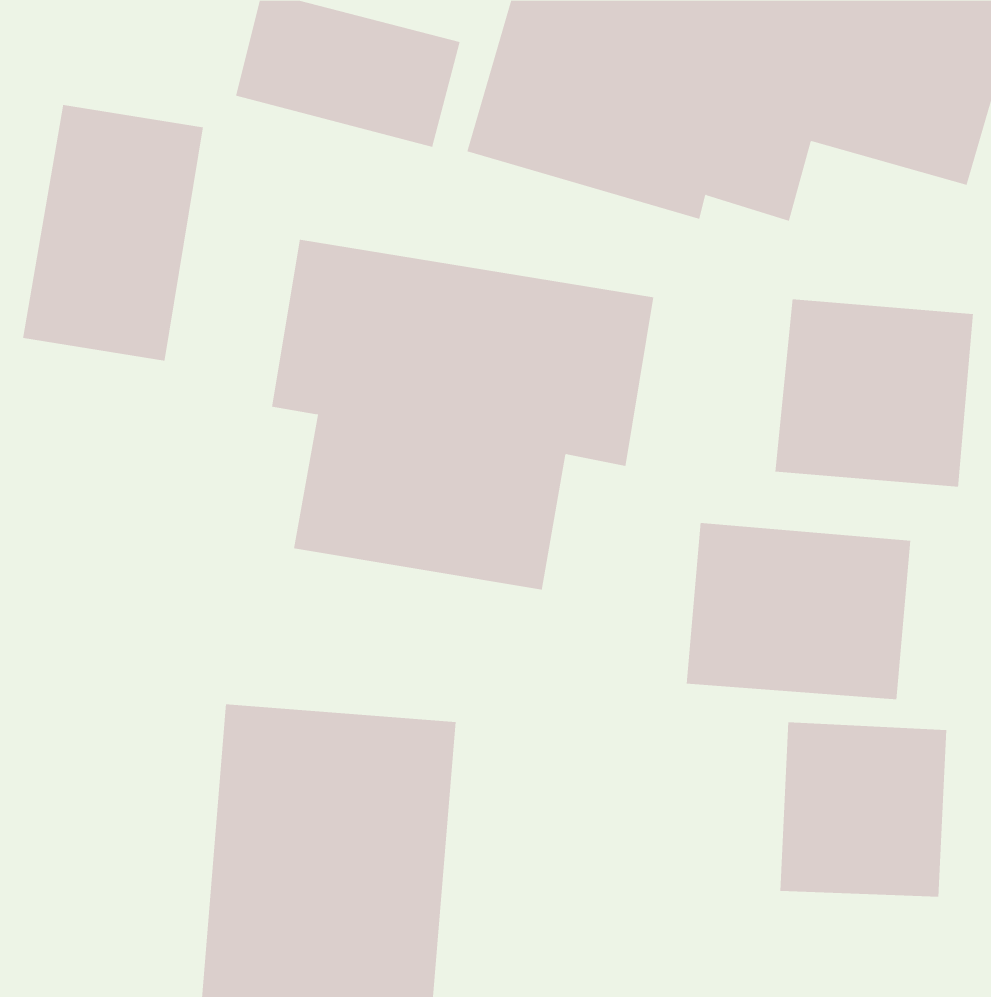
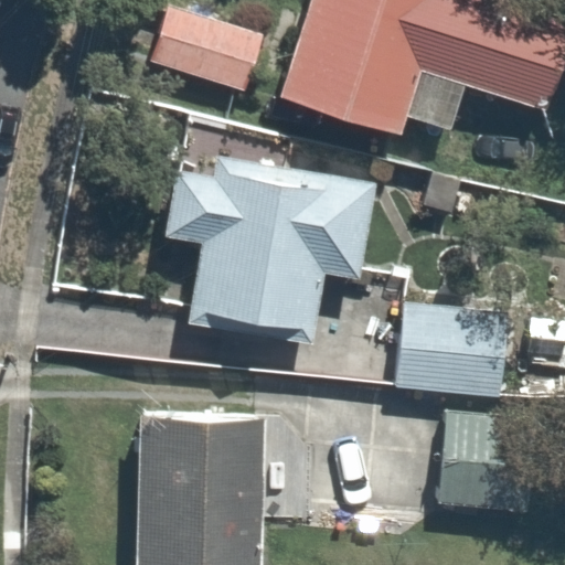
building: [23,104,204,362] -> none
building: [775,298,973,488] -> none

